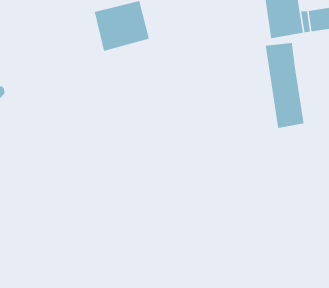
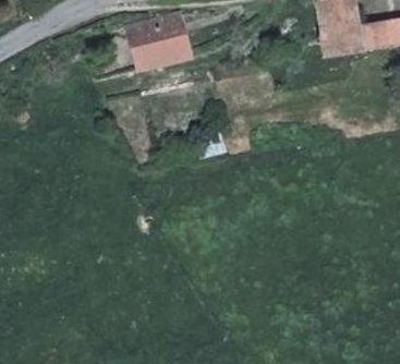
building: [265,42,304,129] -> none

